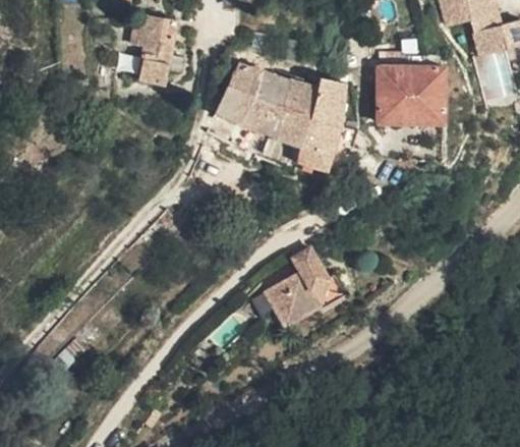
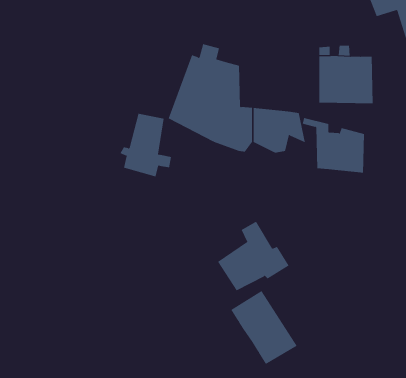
building: [123,15,181,87] -> [120,113,172,177]
building: [276,65,346,127] -> [302,117,365,173]
building: none -> [231,290,298,365]

